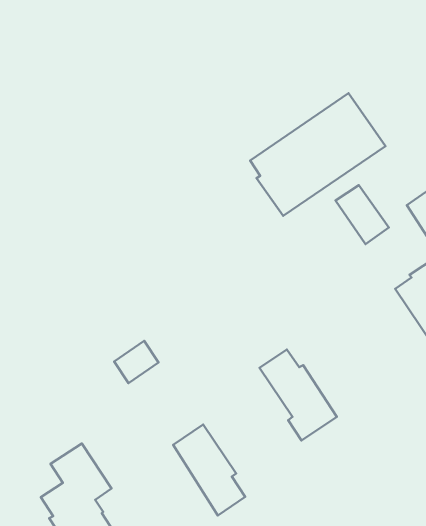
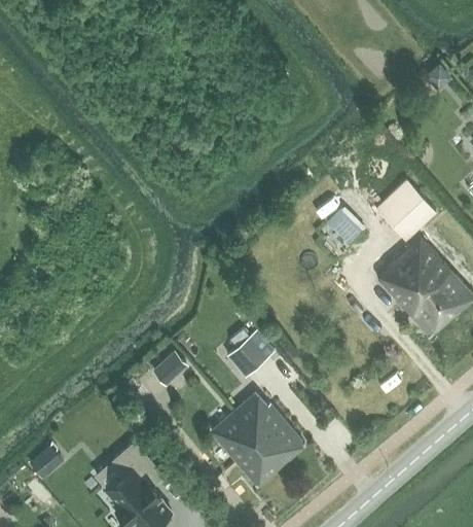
building: [250,93,385,216] -> none
building: none -> [227,336,268,376]
building: [260,349,337,440] -> [233,394,303,468]

